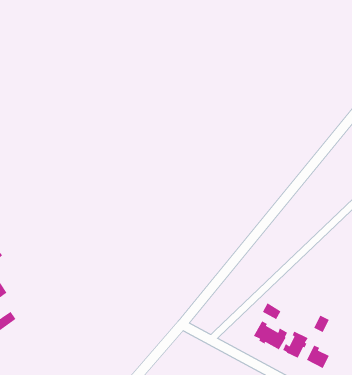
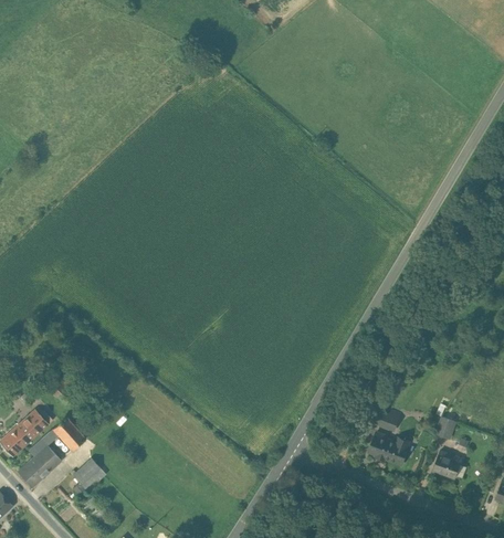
building: [282,331,309,359] -> none

